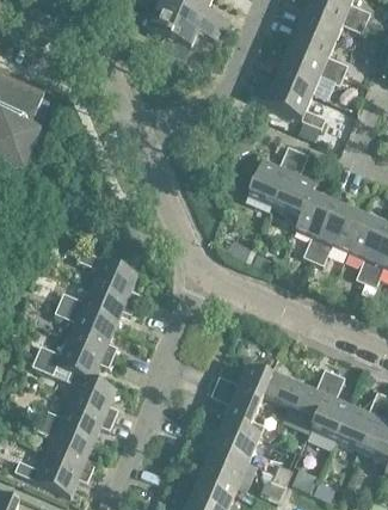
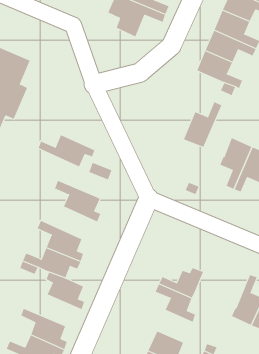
building: [276,150,318,219] -> none
building: [61,284,136,327] -> [38,135,95,167]
building: [265,369,335,418] -> none
building: [38,400,116,442] -> none
building: [214,420,261,463] -> none

